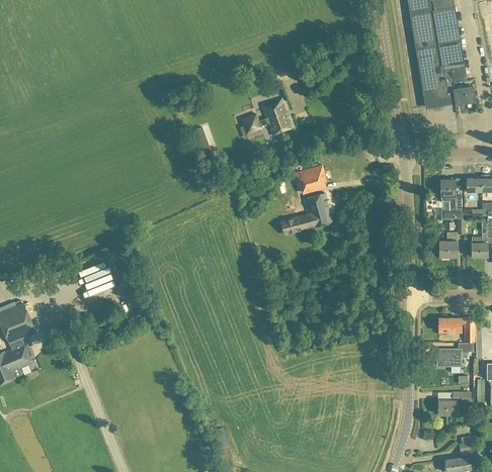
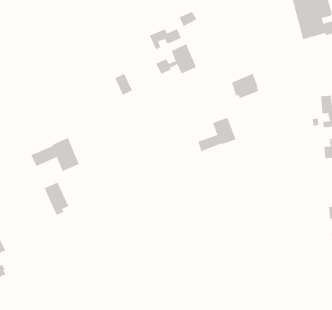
building: none -> [149,28,182,50]
building: [294,165,327,195] -> [231,73,259,99]
building: none -> [30,137,80,172]

